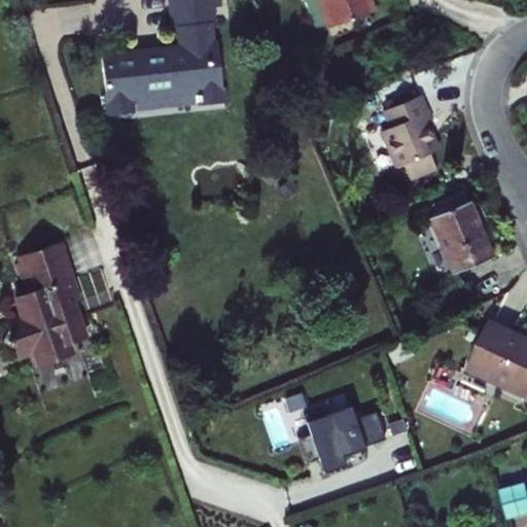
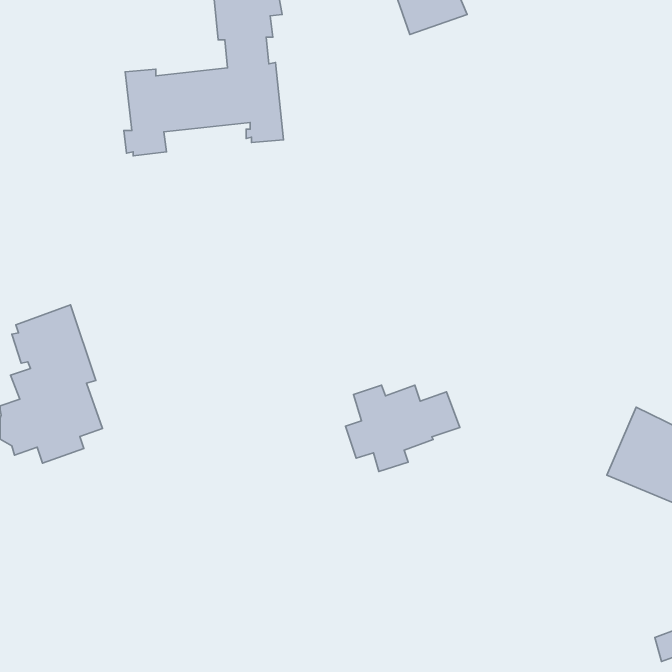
building: [381,102,435,186] -> none
building: [427,207,488,278] -> none
building: [305,402,393,469] -> [345,385,460,472]

